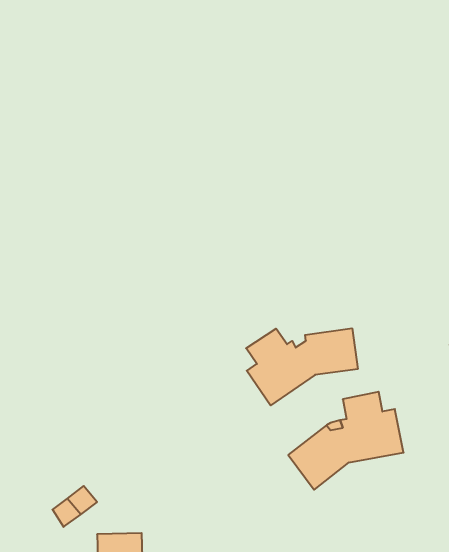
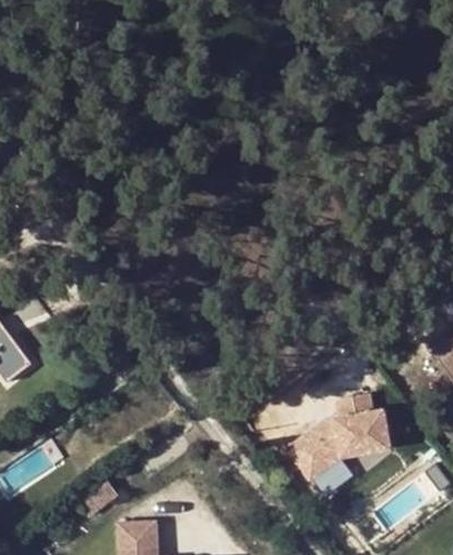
building: [246,328,358,405] -> none

